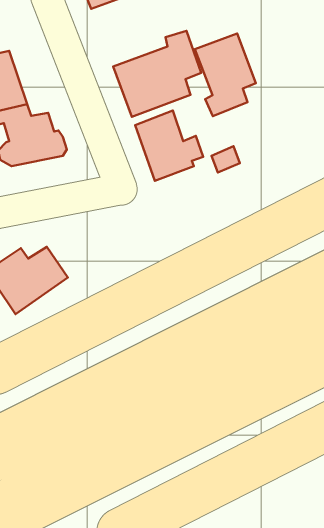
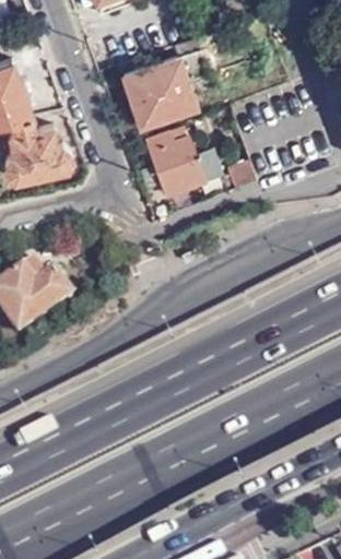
building: [195,33,256,116] -> none

